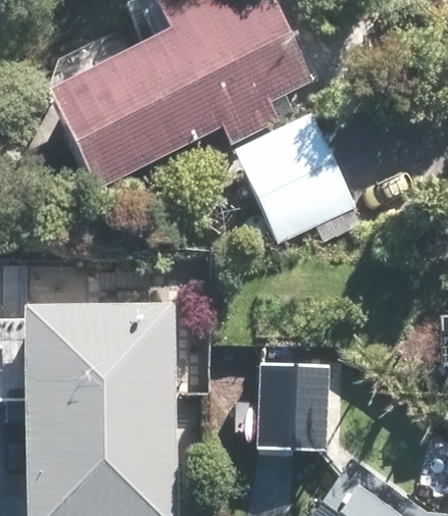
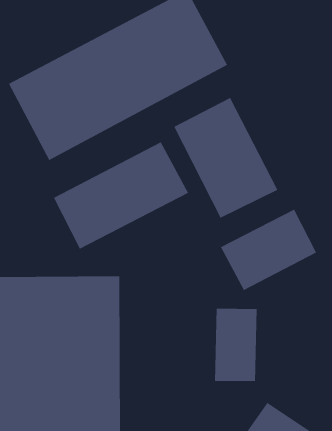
building: none -> [53,141,189,250]
building: none -> [220,209,317,291]

